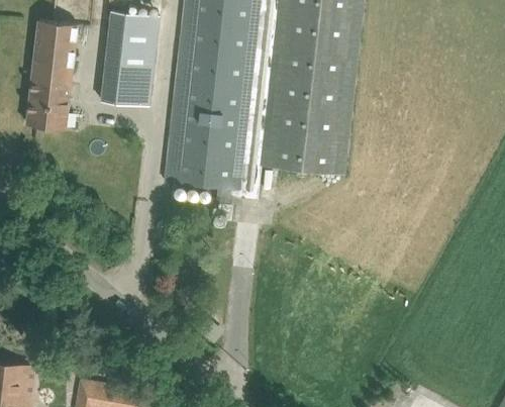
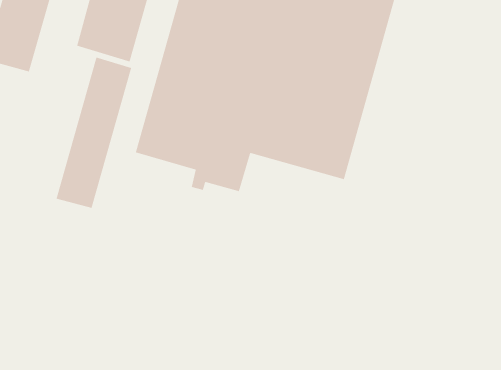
building: none -> [56,56,132,209]

